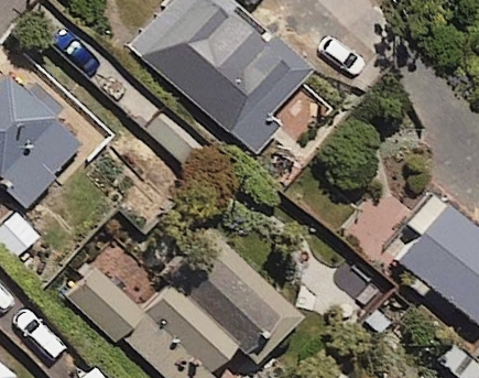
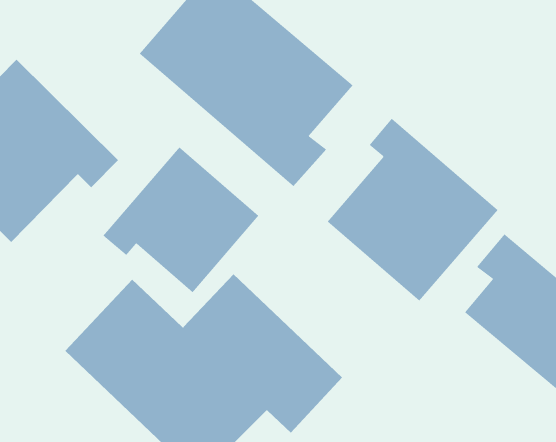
building: none -> [327,118,498,302]
building: none -> [103,147,259,293]

